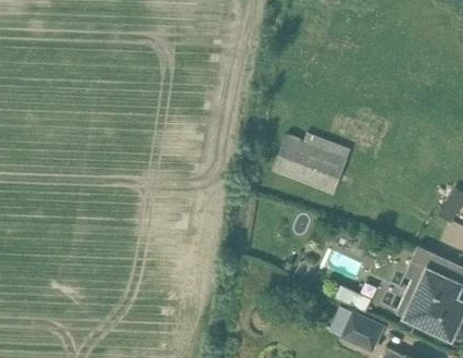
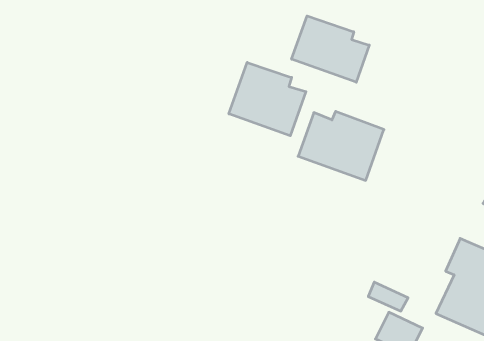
building: none -> [292,16,369,82]
building: none -> [229,62,306,136]

